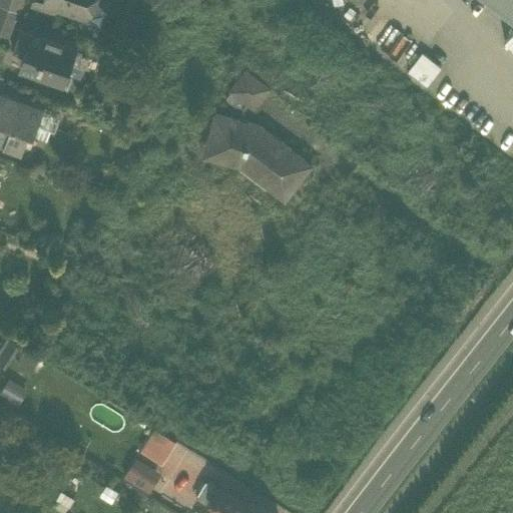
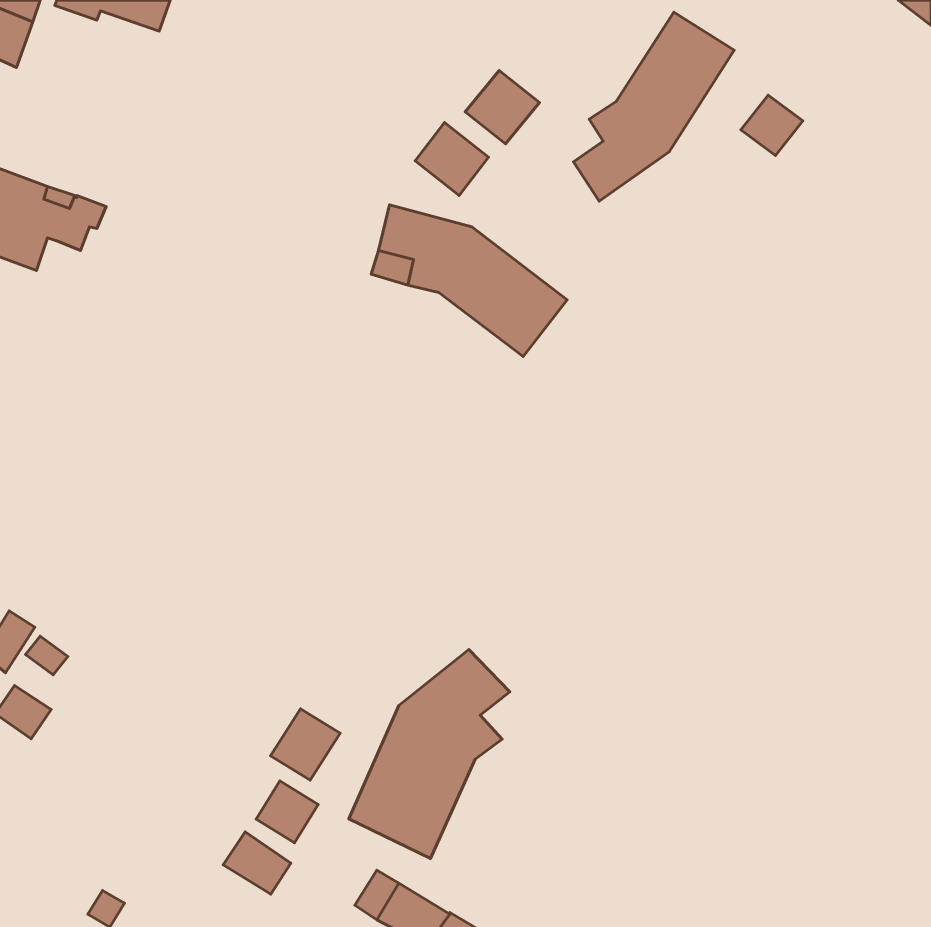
building: none -> [573,12,734,201]
building: [11,30,75,87] -> none
building: none -> [465,70,539,144]
building: none -> [349,650,510,859]
building: none -> [270,709,340,780]

